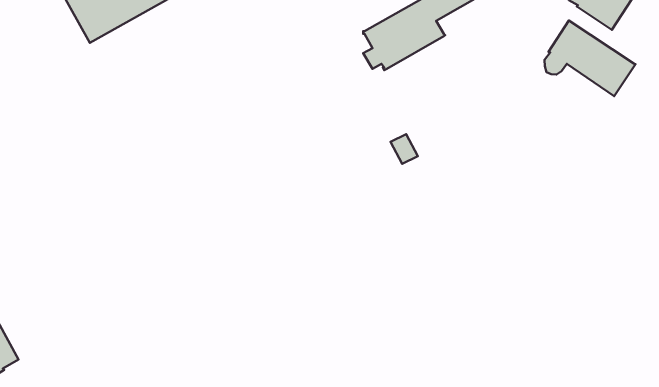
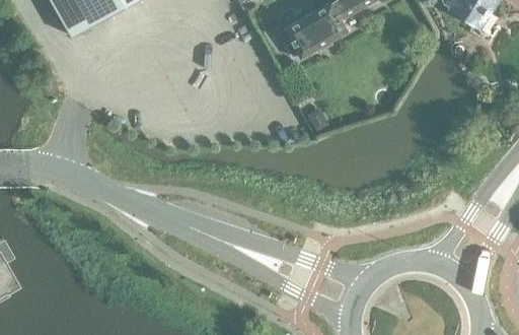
building: [545,20,635,96] -> none

